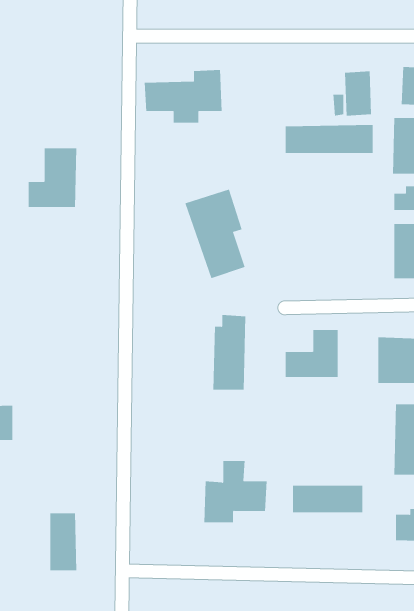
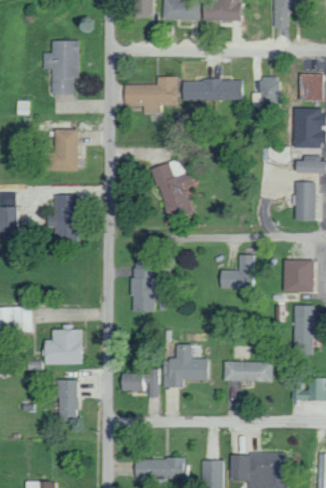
building: none -> [43,41,78,94]
building: [285,125,374,154] -> [182,80,243,100]
building: none -> [46,195,77,241]
building: [213,315,246,390] -> [131,260,154,312]
building: none -> [44,324,81,365]
building: none -> [121,369,161,397]

